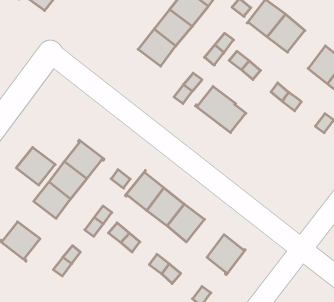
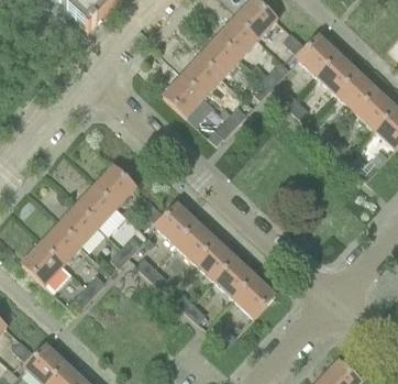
building: none -> [336,72,376,111]
building: [195,86,246,133] -> [162,76,213,125]
building: [16,147,55,185] -> [41,224,81,264]
building: none -> [214,259,254,298]

